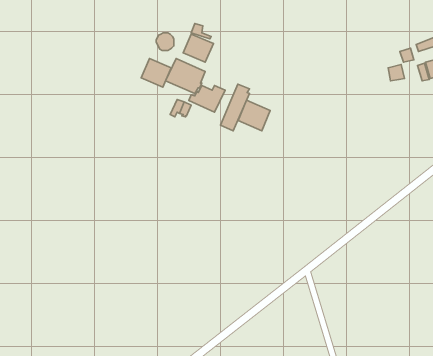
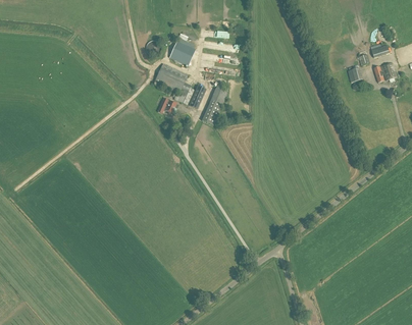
building: [141,59,171,87] -> none
building: [238,100,270,131] -> none

